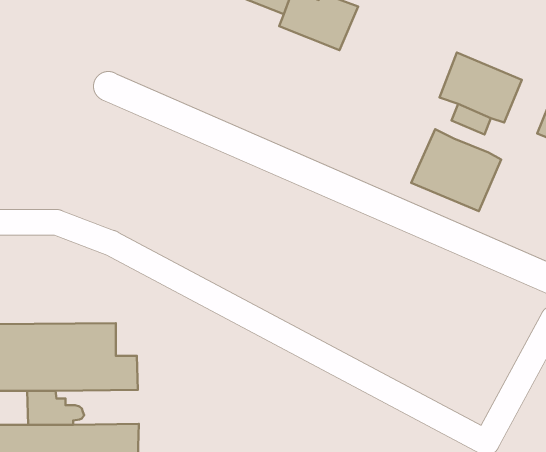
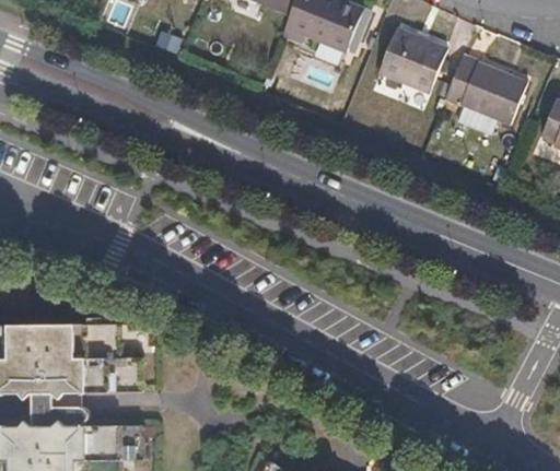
building: none -> [378,31,446,94]
building: [411,129,501,211] -> none

